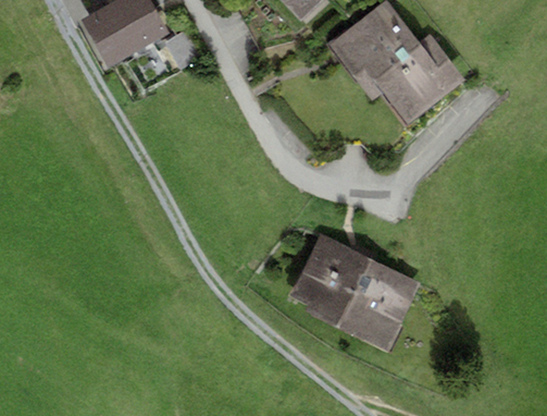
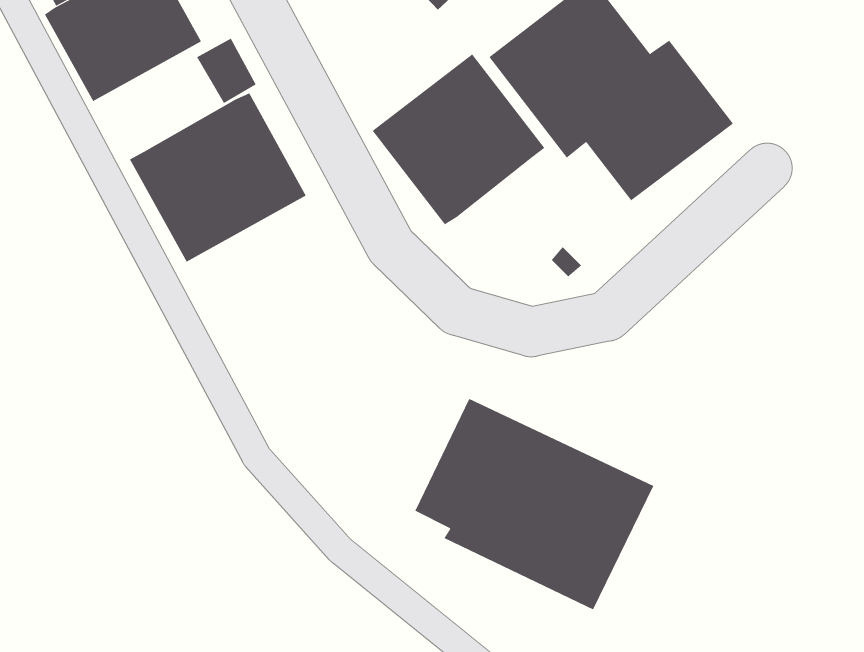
building: none -> [372,53,545,225]
building: none -> [129,93,307,262]

